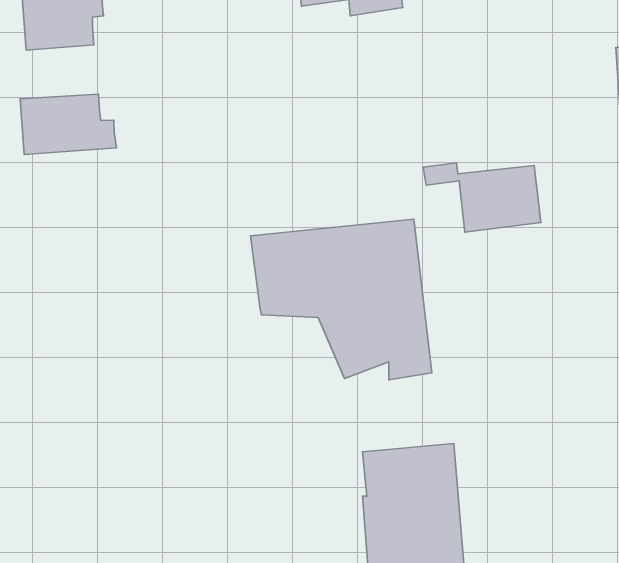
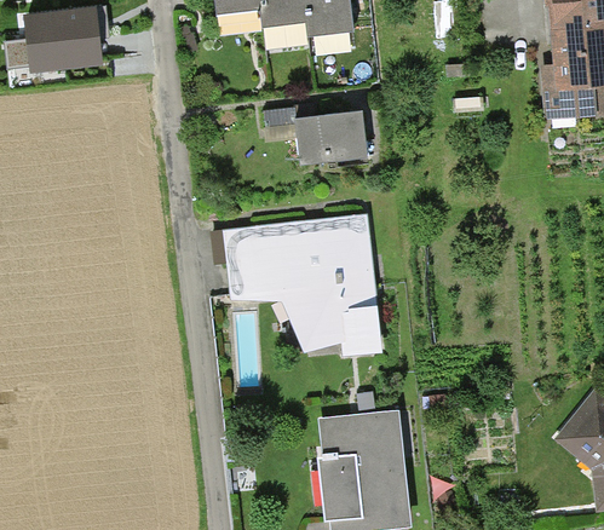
building: [20,94,117,155] -> none
building: [423,163,541,232] -> [265,106,368,167]

